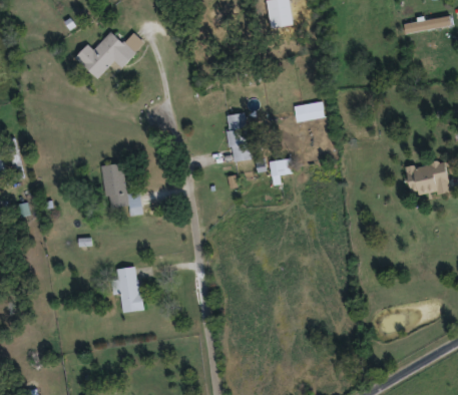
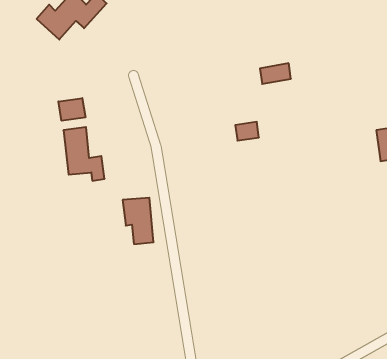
building: [226,113,250,161] -> none
building: none -> [58,98,85,121]
building: [112,268,142,313] -> [123,198,154,244]

